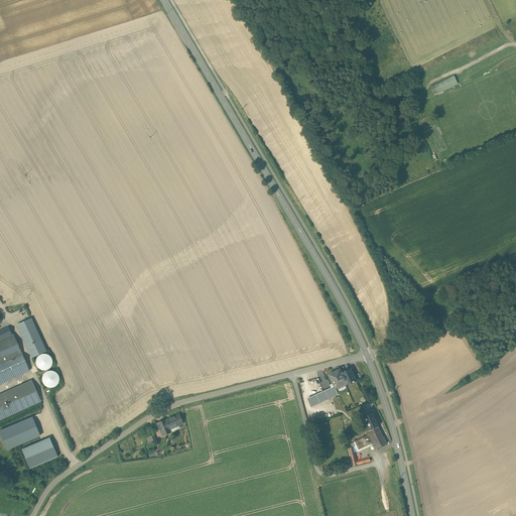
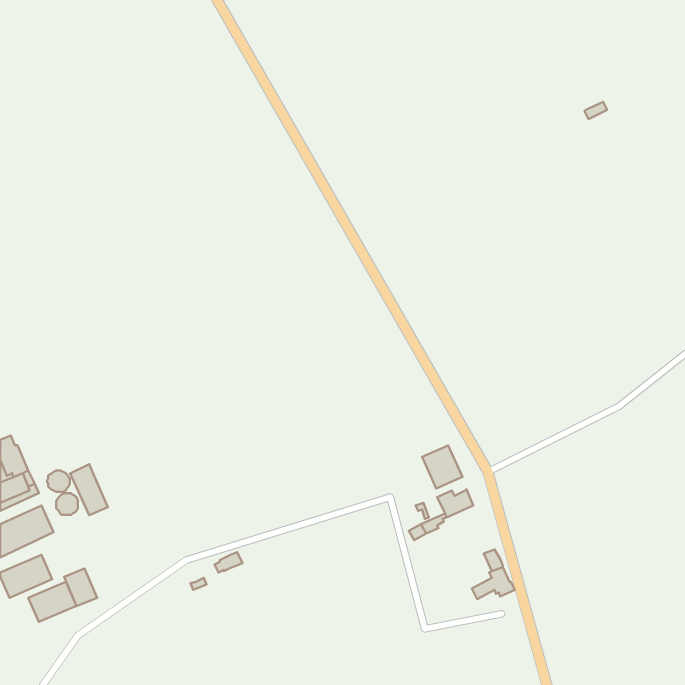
building: [17,318,45,357] -> [70,464,108,515]
building: none -> [422,445,462,488]
building: none -> [64,568,97,606]

